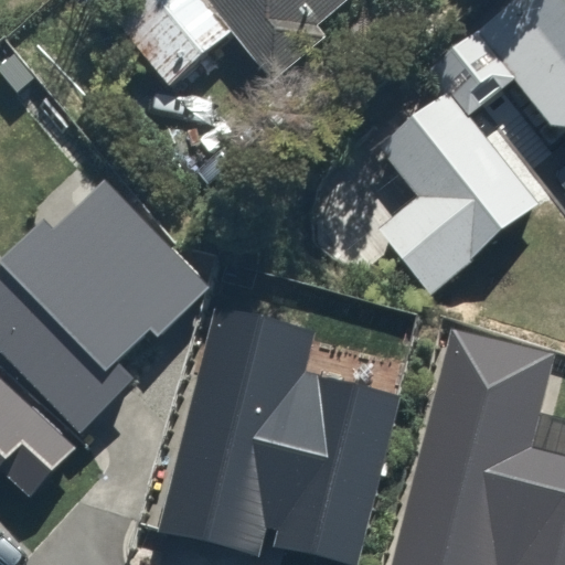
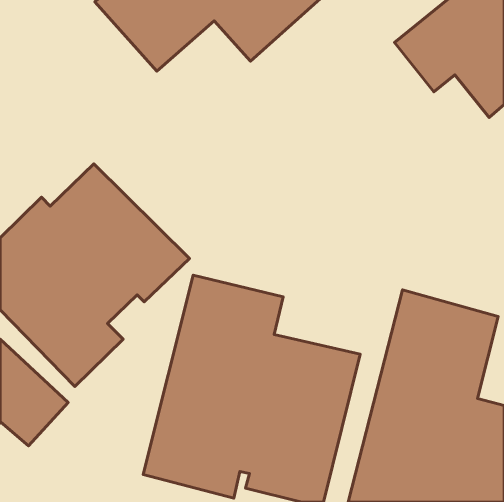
building: [363,78,540,291] -> none

